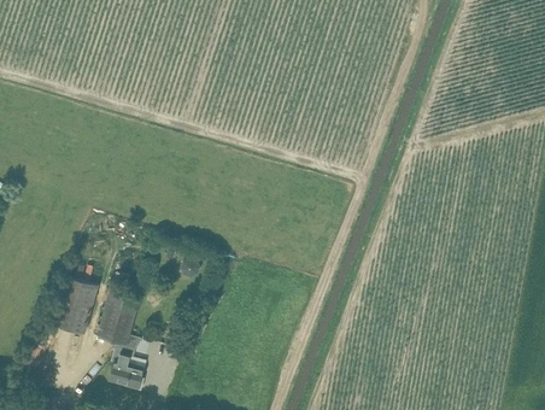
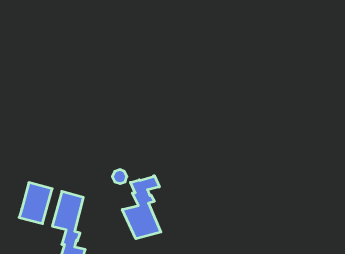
building: none -> [122,176,161,239]

